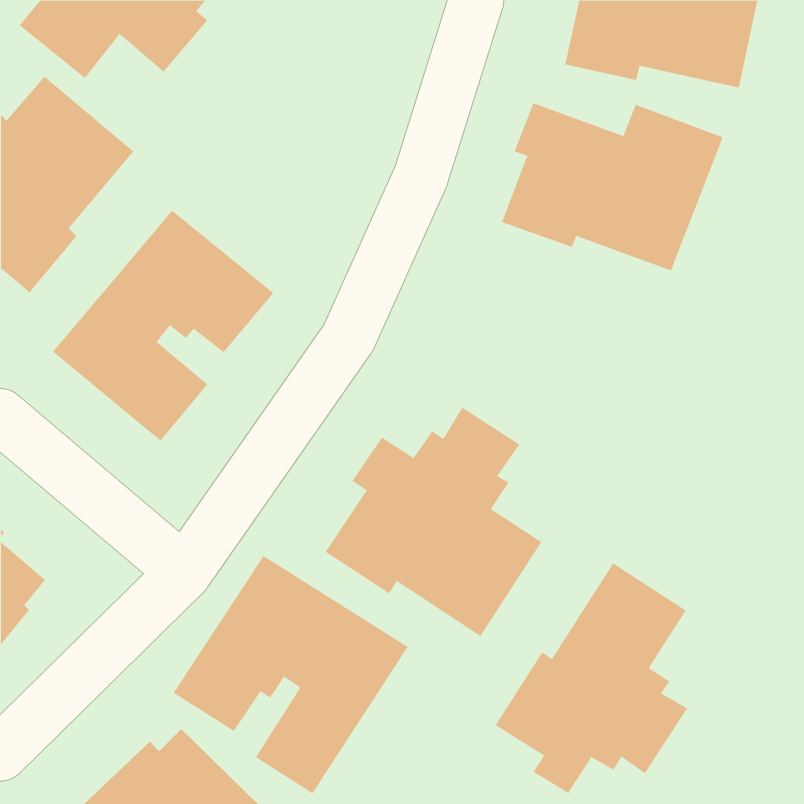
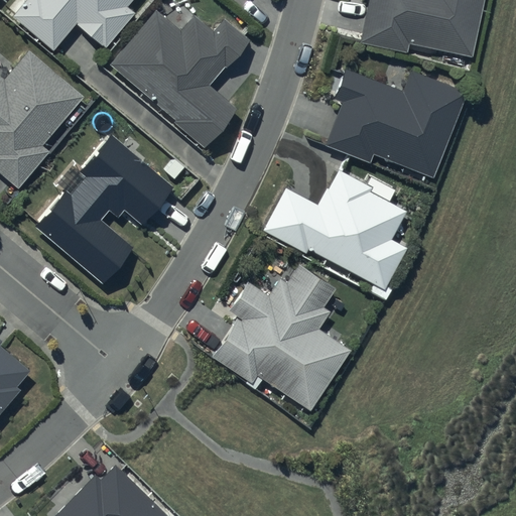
building: none -> [109,10,250,146]
building: none -> [258,168,404,288]
building: [173,555,409,794] -> none
building: [495,562,688,794] -> none

